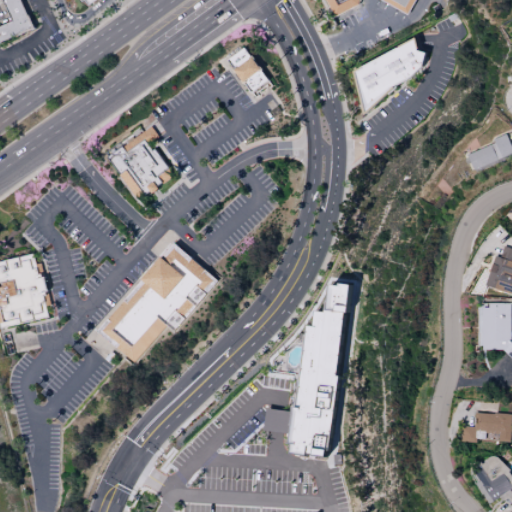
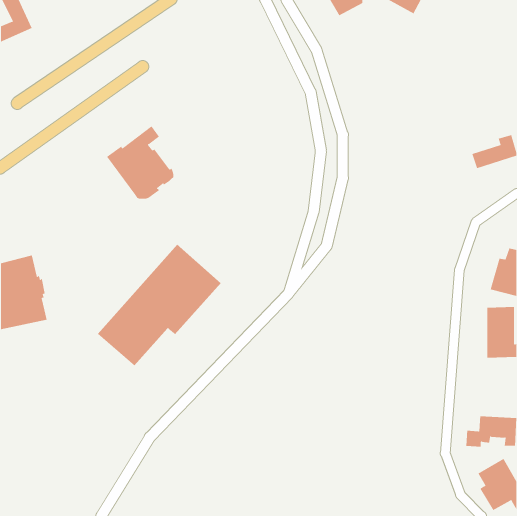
building: [353,36,428,114] -> none
building: [228,46,270,93] -> none
building: [288,282,347,456] -> none

